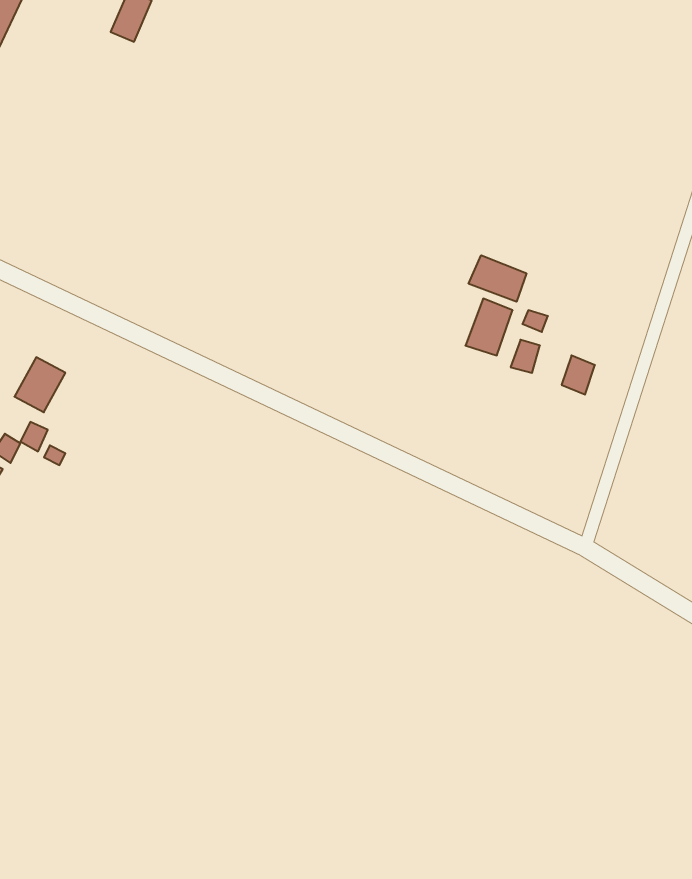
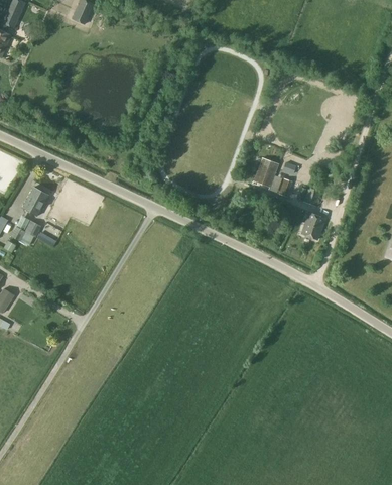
building: [469,255,526,302] -> none
building: none -> [301,213,324,240]

